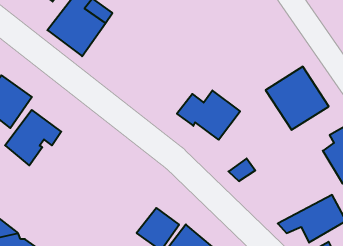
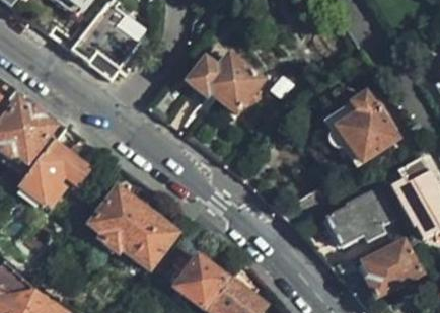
building: [177,90,240,140] -> [187,55,261,112]
building: none -> [90,187,175,267]
building: none -> [325,188,393,245]

